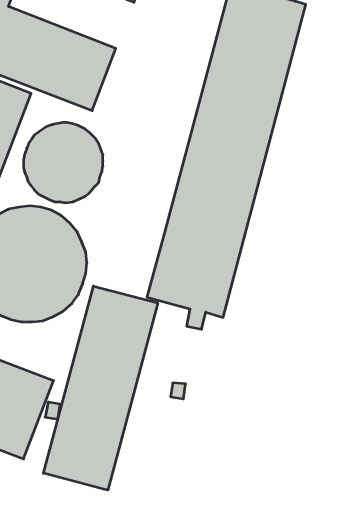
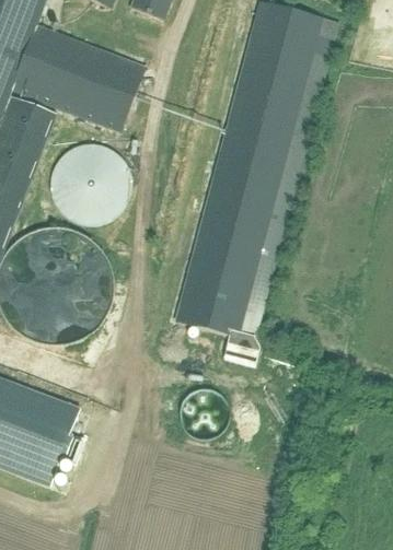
building: [43,286,158,490] -> none

